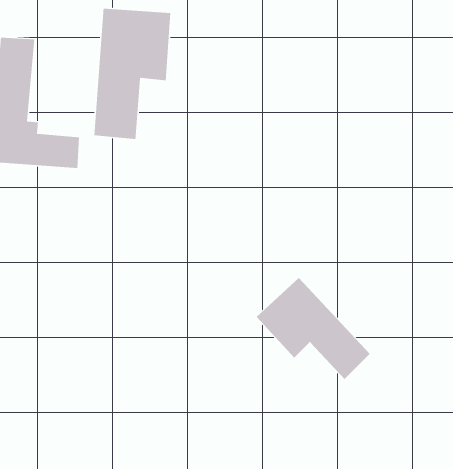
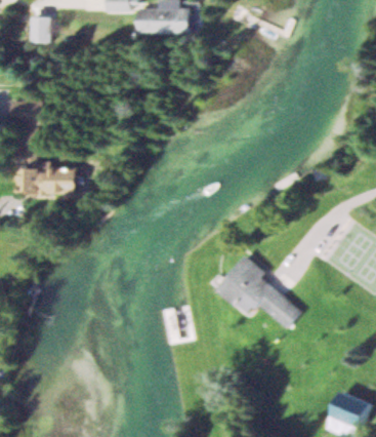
building: [94,8,171,140] -> none

